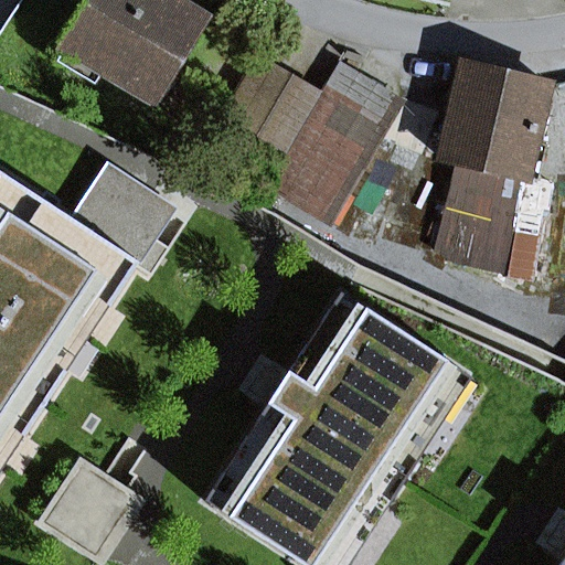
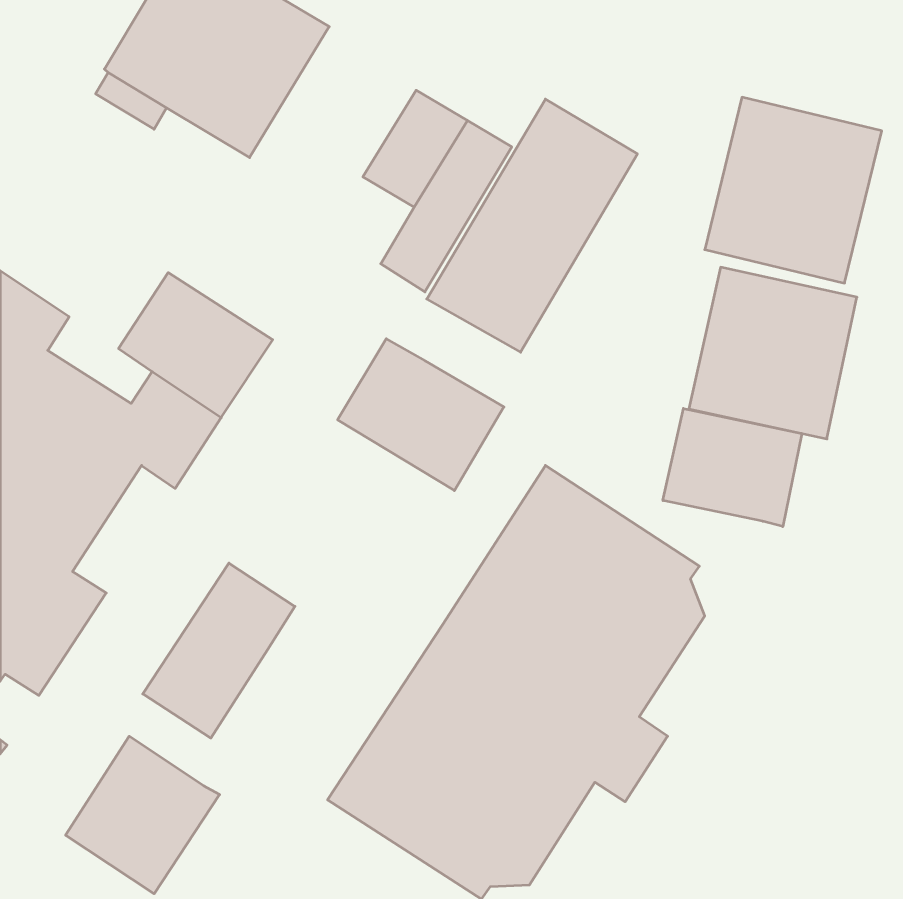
building: none -> [338,339,504,491]
building: none -> [663,408,802,527]
building: none -> [143,563,295,738]

